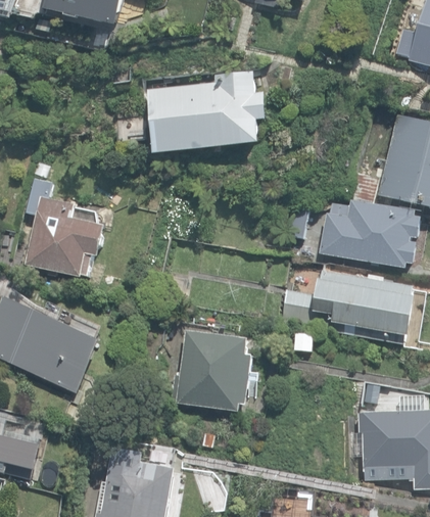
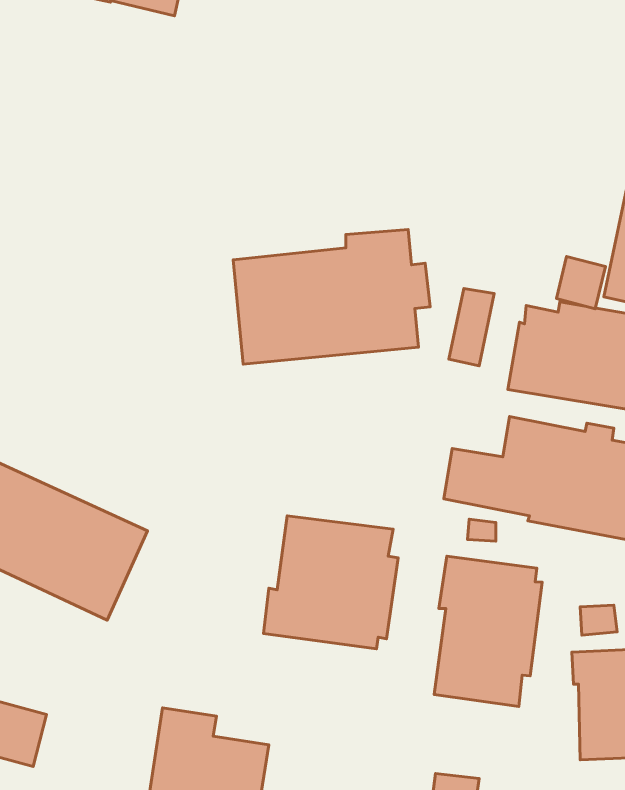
building: [146,70,266,152] -> [233,229,430,364]
building: [25,178,106,276] -> none
building: none -> [434,556,542,707]

